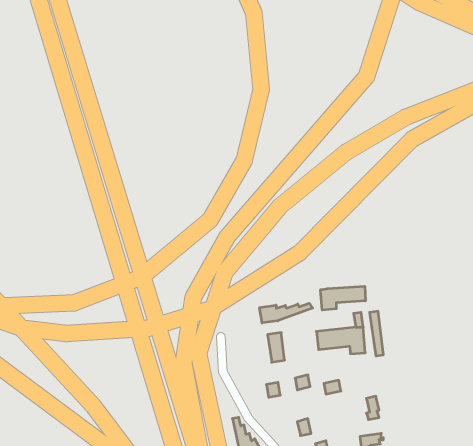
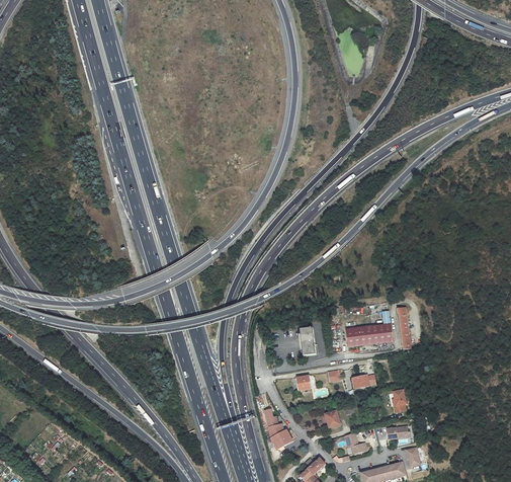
building: [321,286,365,310] -> none
building: [260,303,313,323] -> none

